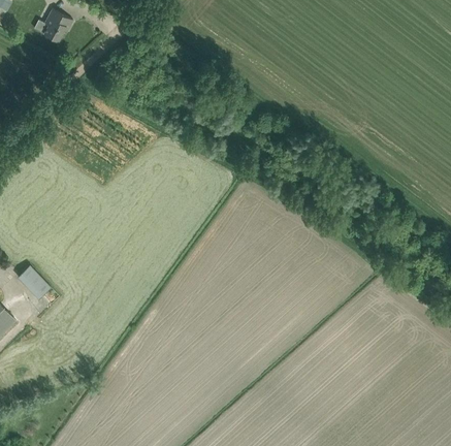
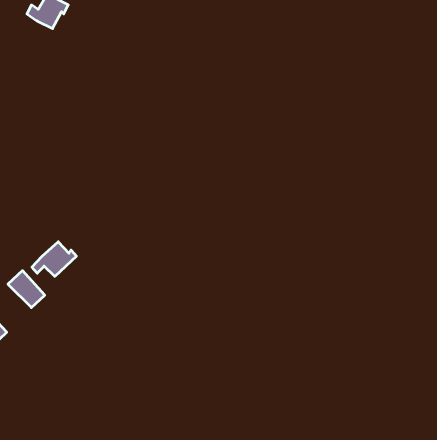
building: none -> [32,242,76,276]

